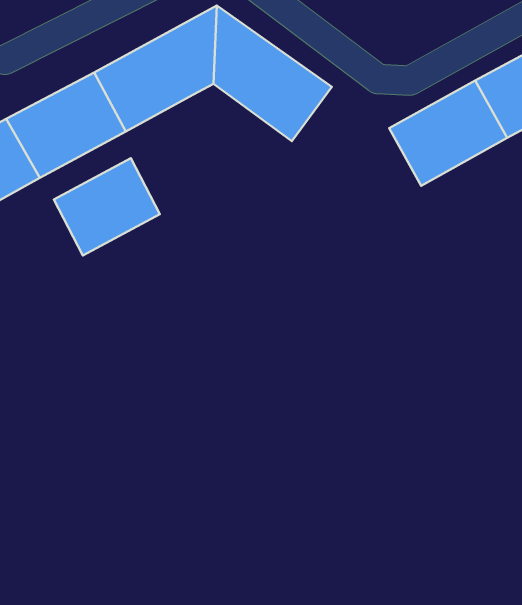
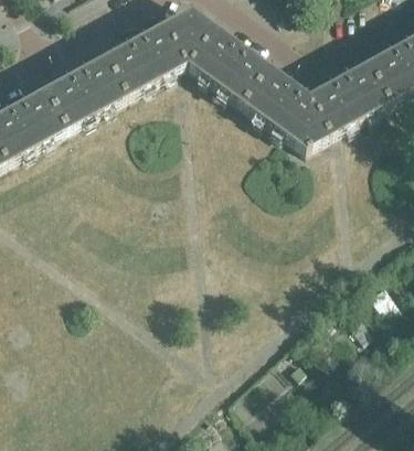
building: none -> [241,64,330,147]
building: [54,158,160,256] -> none

